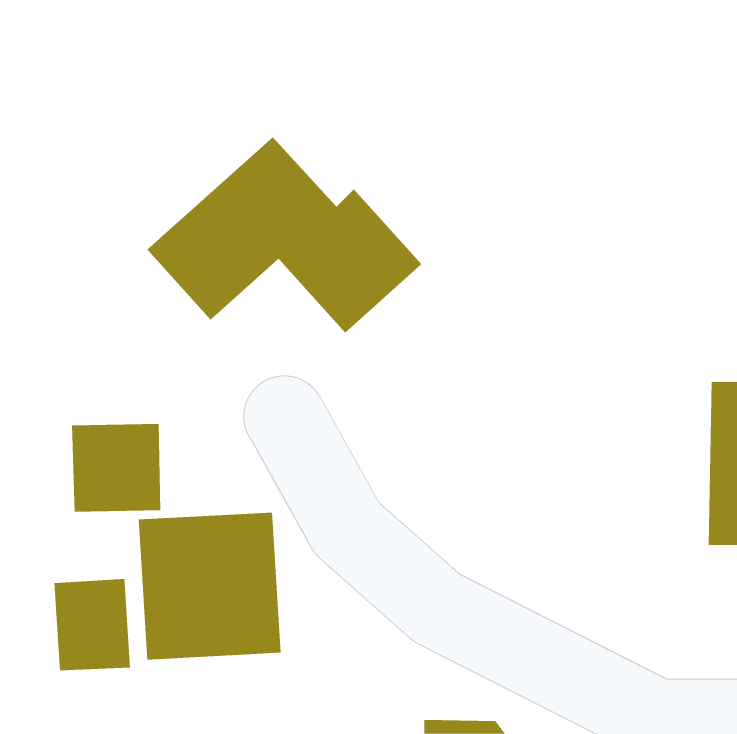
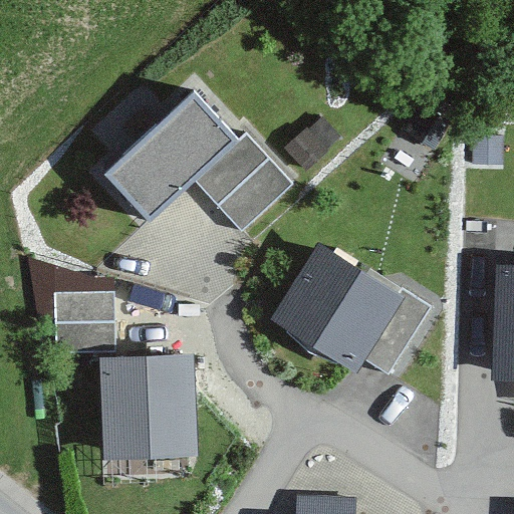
building: none -> [268,242,431,372]
building: [54,578,130,671] -> none

